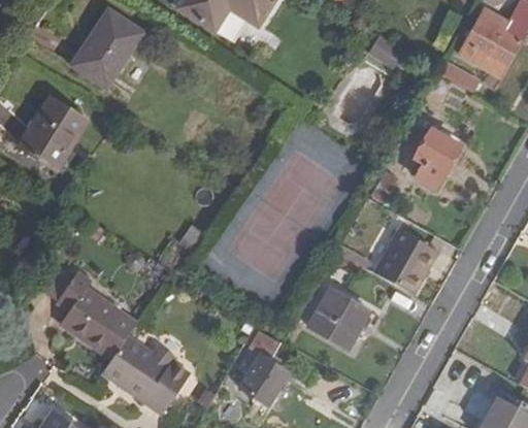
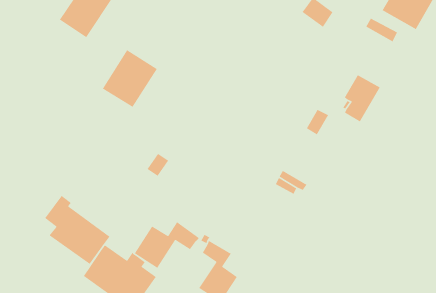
building: [20,98,87,168] -> [102,49,158,108]
building: [374,229,436,294] -> none
building: [310,290,368,347] -> none
building: none -> [134,221,200,269]

